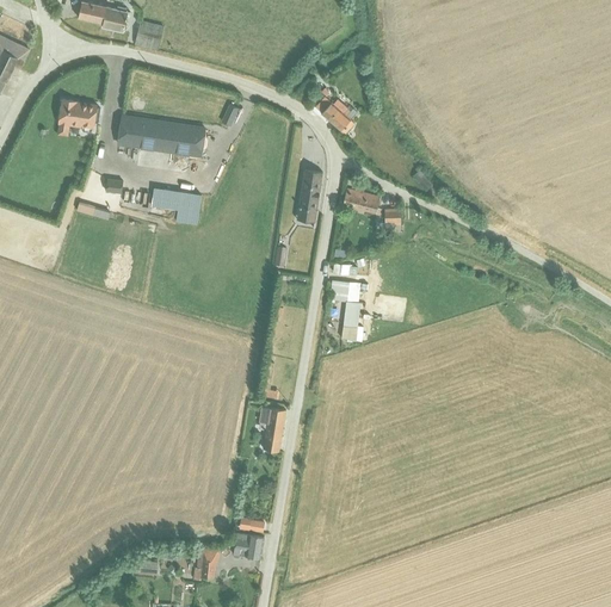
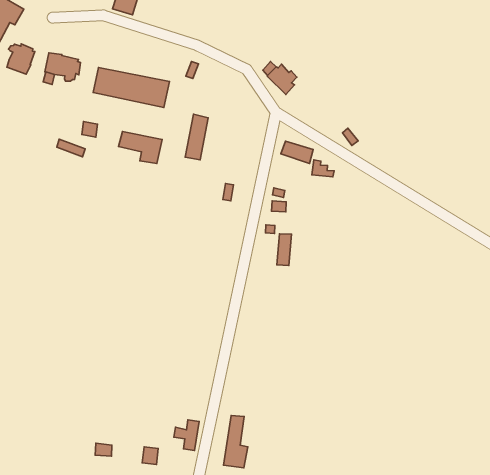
building: none -> [7,44,35,74]
building: [296,168,321,222] -> [185,114,208,160]
building: [255,407,285,452] -> none
building: none -> [223,415,248,468]

